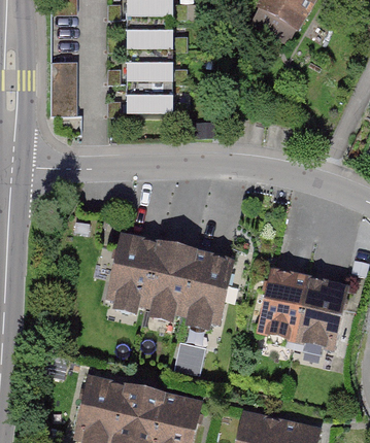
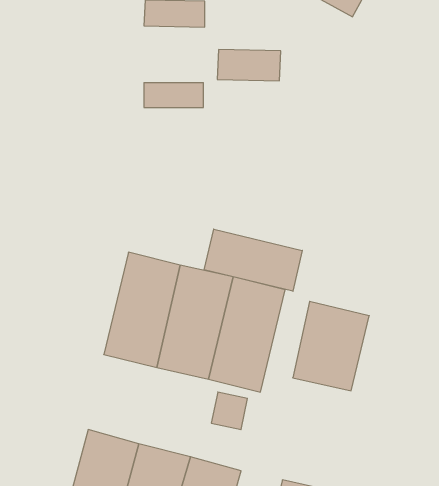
building: [126,58,176,82] -> [217,50,281,81]
building: [54,64,78,117] -> none
building: none -> [204,229,302,291]
building: [291,279,351,350] -> none

